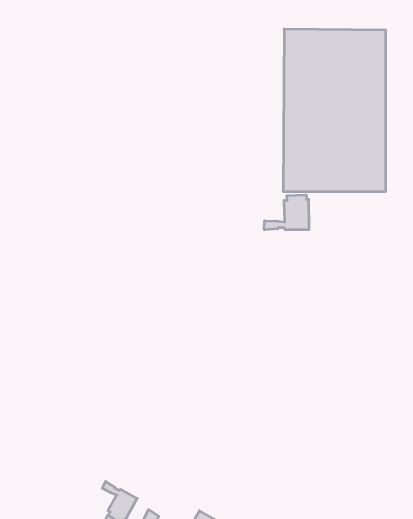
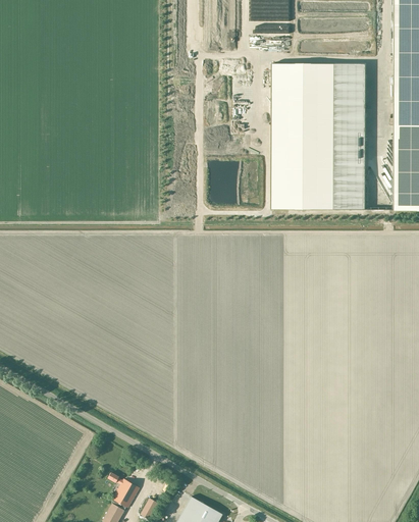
building: [264,195,309,230] -> none

